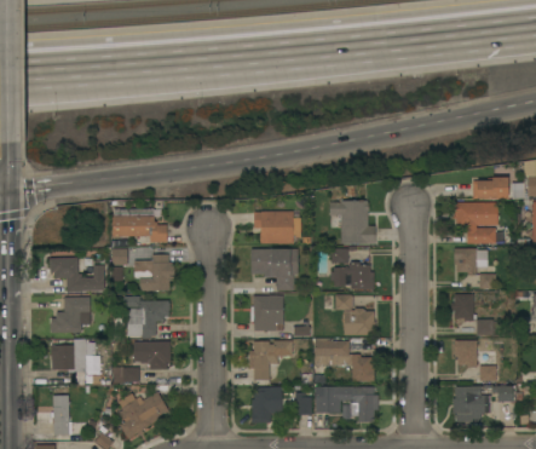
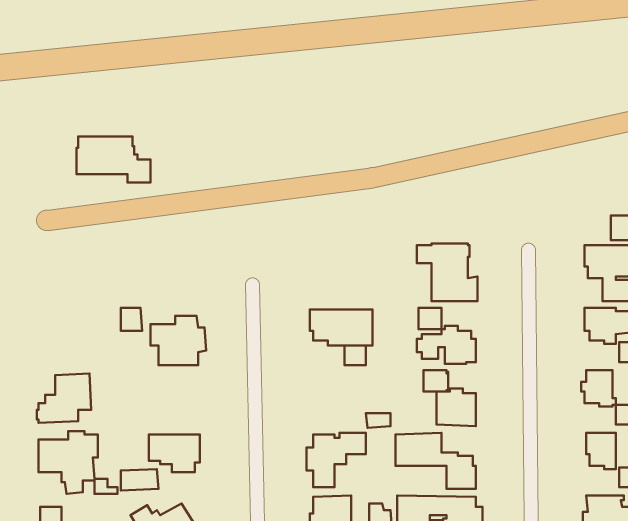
building: [113,208,167,242] -> [77,136,151,183]
building: [254,211,301,243] -> none
building: [51,258,105,292] -> none
building: [250,295,283,330] -> none
building: [123,297,171,338] -> none

